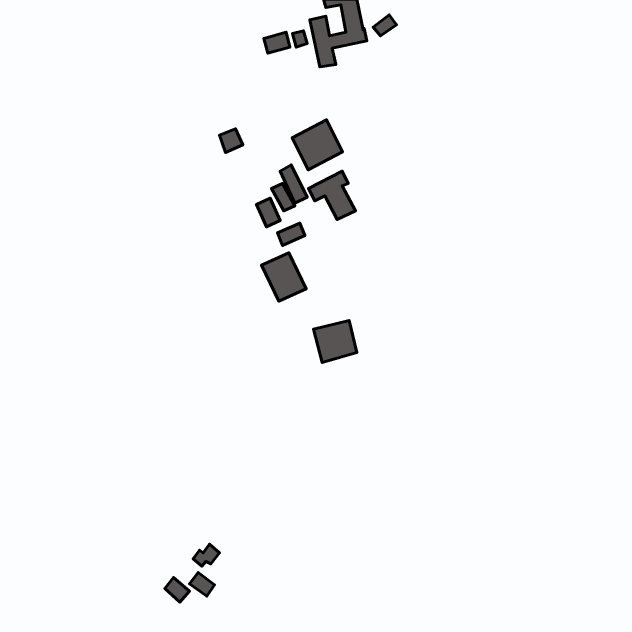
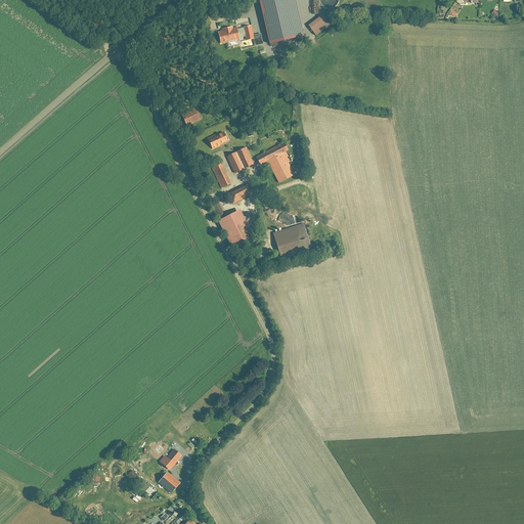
building: [292,120,342,170] -> none
building: [313,320,357,363] -> [274,225,310,260]

